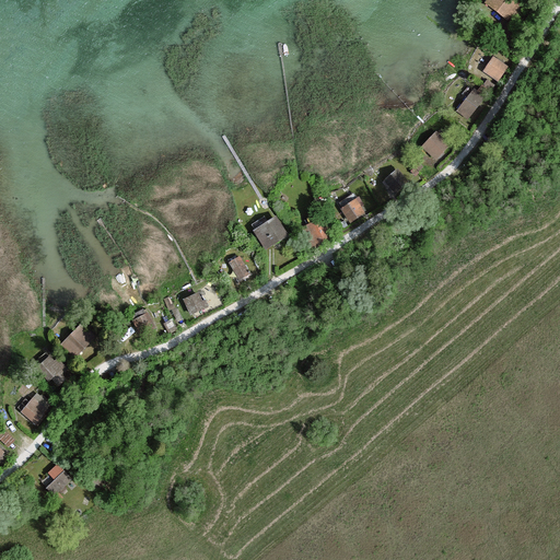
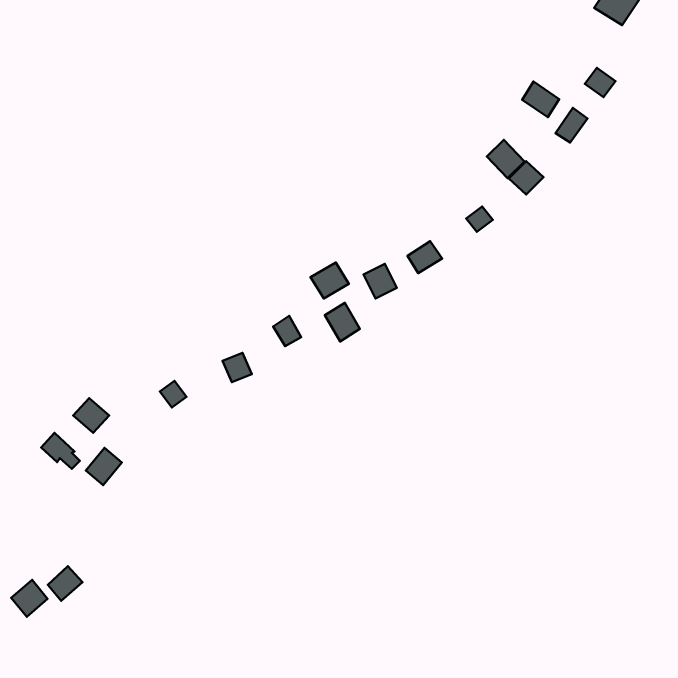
building: none -> [522,82,559,117]
building: none -> [487,140,524,178]
building: none -> [325,303,360,341]
building: [22,393,51,423] -> [86,448,122,485]
building: none -> [11,580,48,617]

